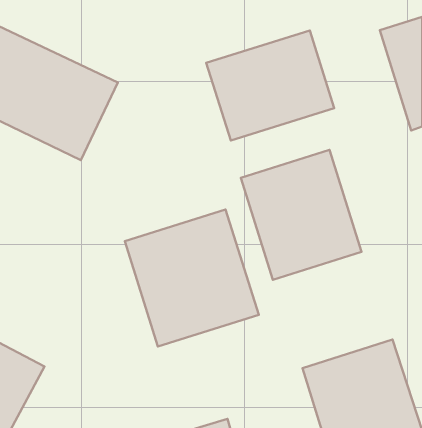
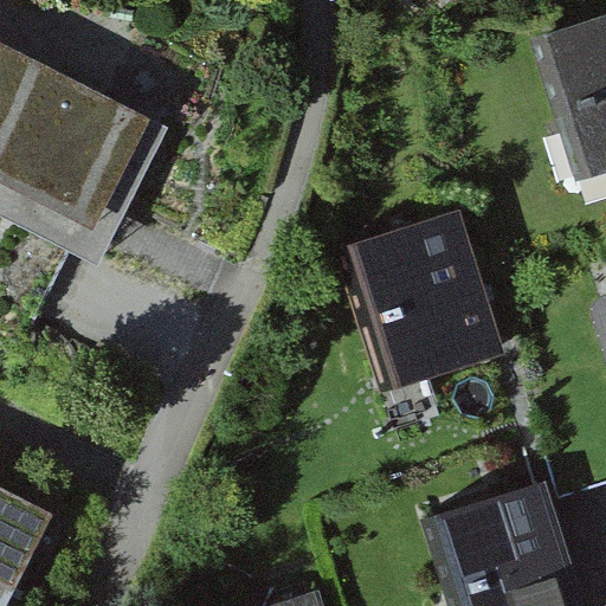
building: [206,30,334,141] -> none
building: [125,210,259,347] -> none

